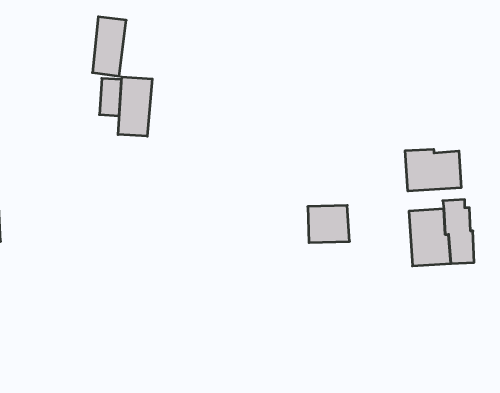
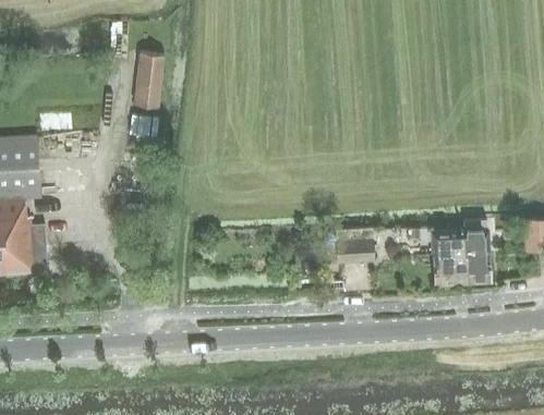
building: [118,77,152,136] -> none
building: [405,149,461,191] -> none

